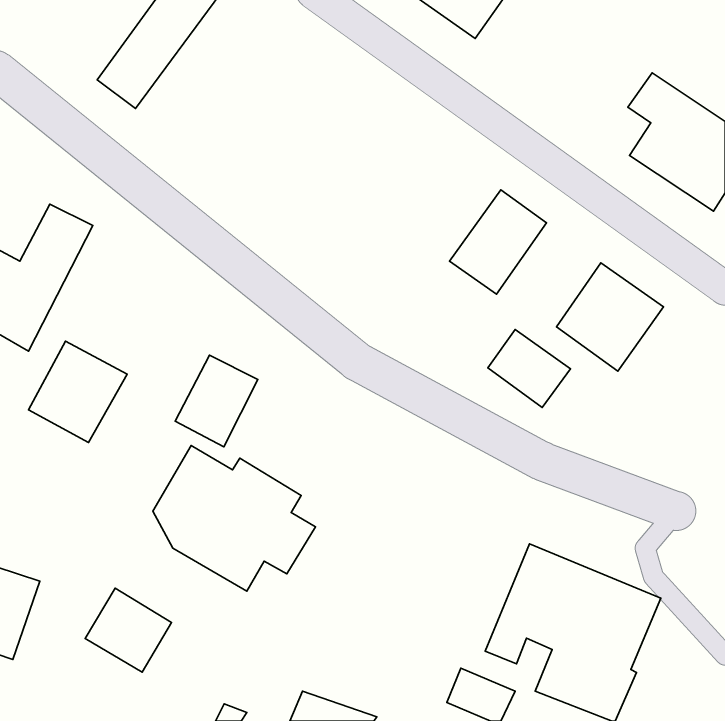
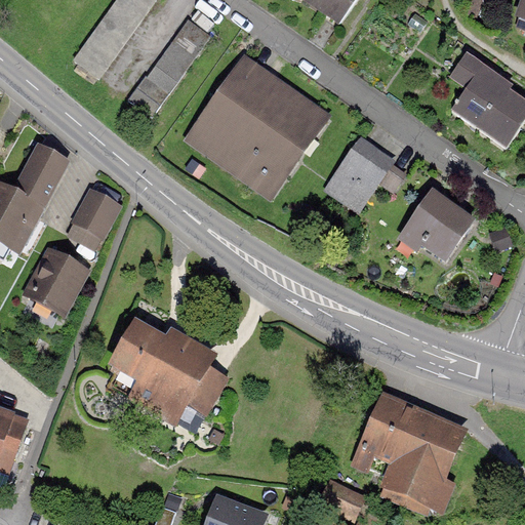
building: none -> [126,17,209,117]
building: none -> [181,52,332,201]
building: [488,330,570,408] -> none
building: [175,355,258,447] -> [63,186,122,251]
building: [85,588,171,672] -> none

